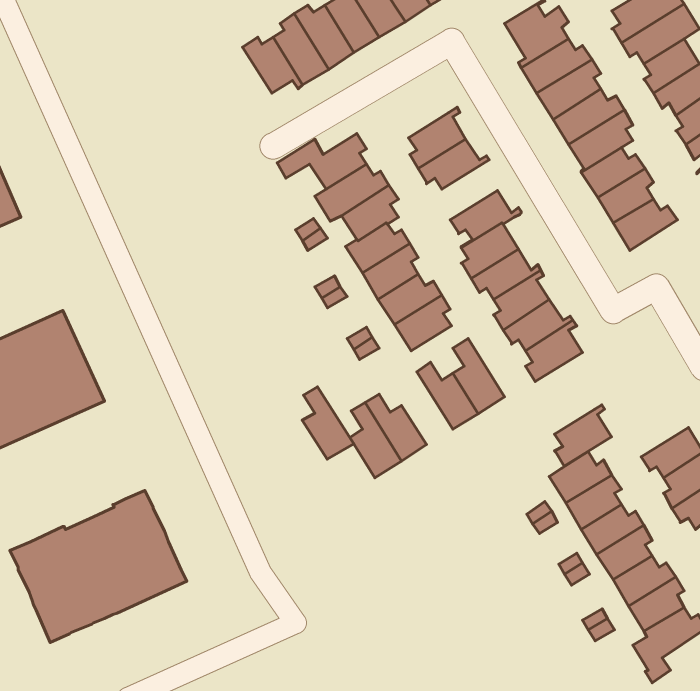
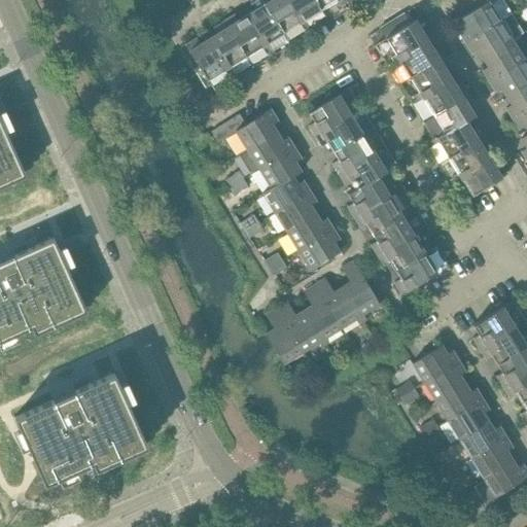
building: none -> [335,130,376,174]
building: [302,387,354,459] -> [305,286,343,340]
building: [554,405,612,466] -> [475,304,517,349]

